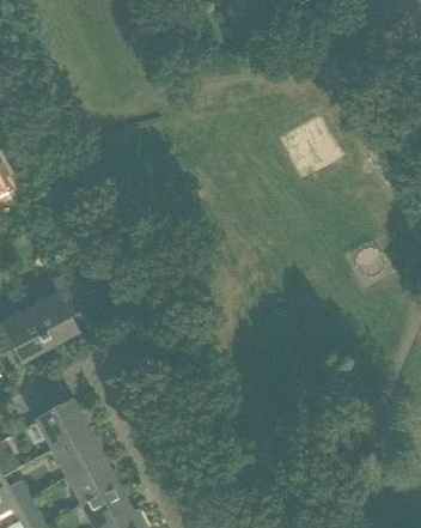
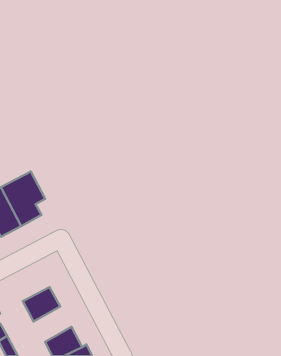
building: [37,402,89,450] -> none
building: [67,457,118,505] -> none

